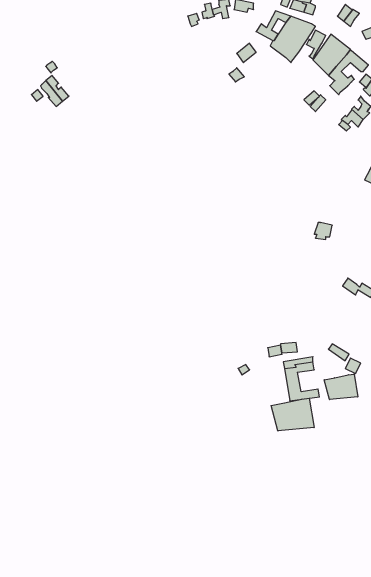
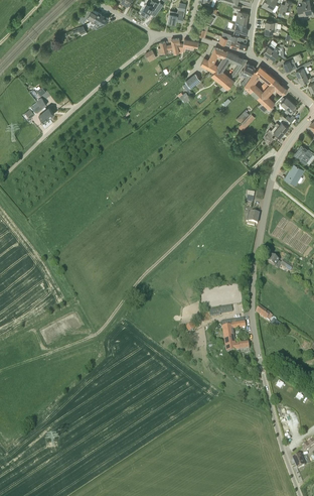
building: [324,374,358,400] -> none
building: [271,398,314,431] -> none

